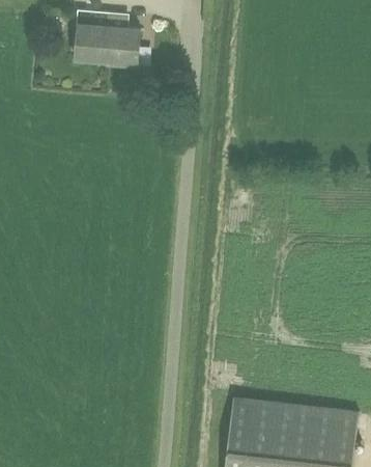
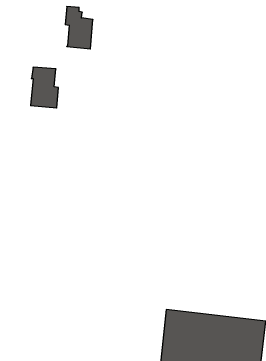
building: [74,10,109,62] -> [31,67,58,108]

